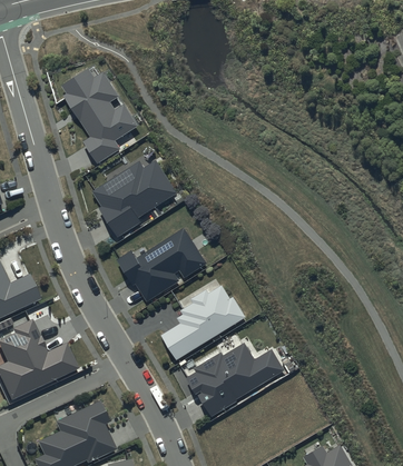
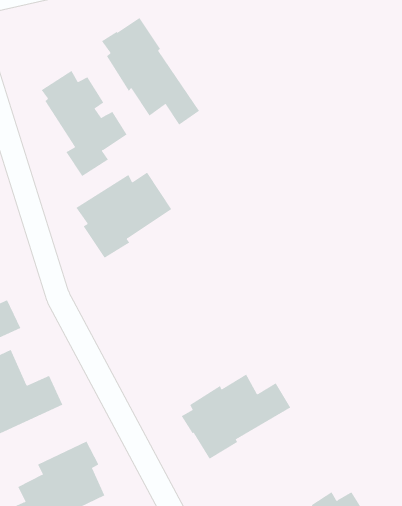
building: none -> [101,17,200,125]
building: [115,226,207,301] -> none
building: [160,286,245,359] -> none

